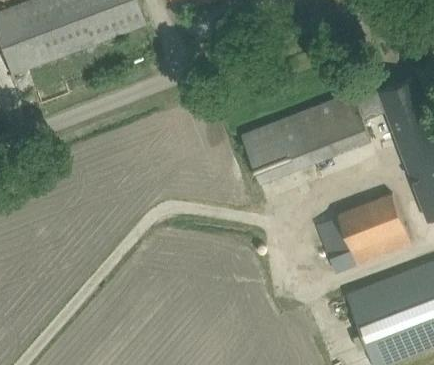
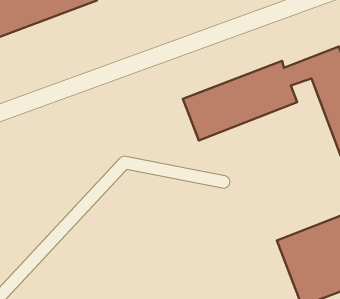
building: [316,194,411,273] -> none

